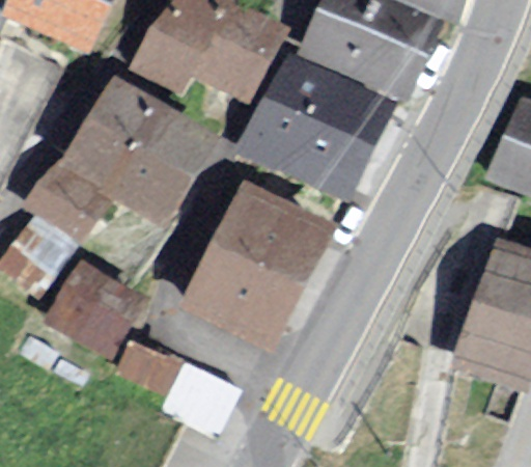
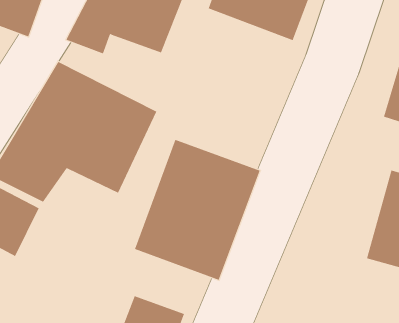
building: [235,47,379,181] -> none
building: [44,262,153,380] -> none

